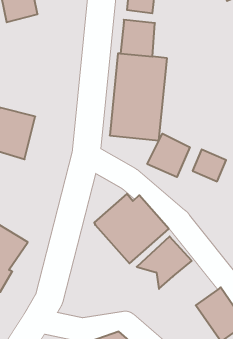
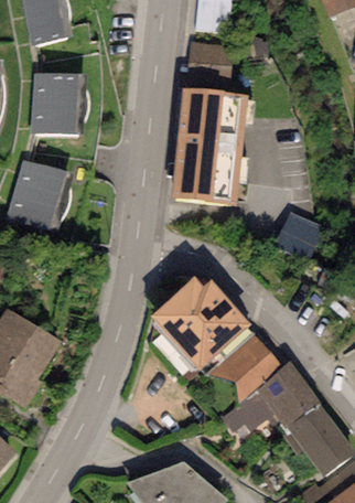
building: none -> [31,73,84,133]
building: [147,134,190,177] -> none
building: none -> [220,360,320,434]

